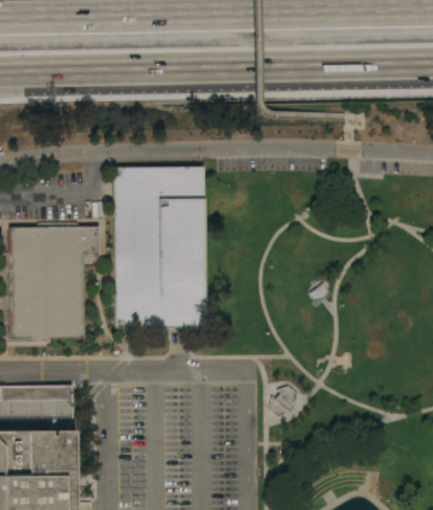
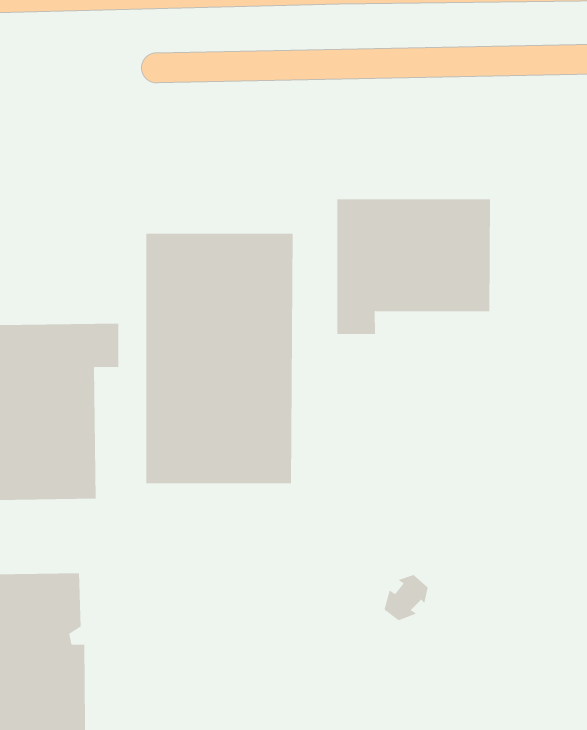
building: none -> [336,198,491,335]

